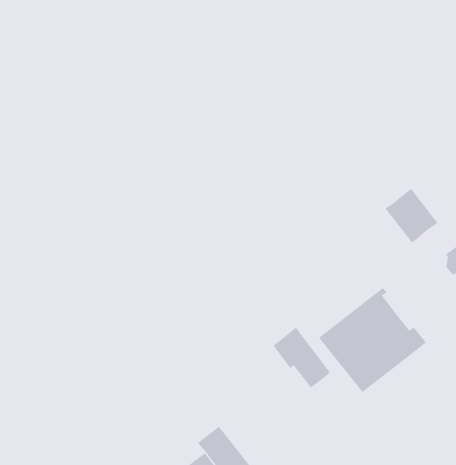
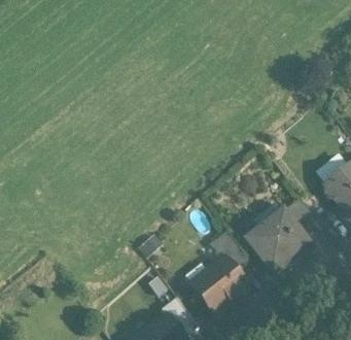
building: [385,188,438,243] -> [283,197,318,233]
building: none -> [191,257,248,313]

